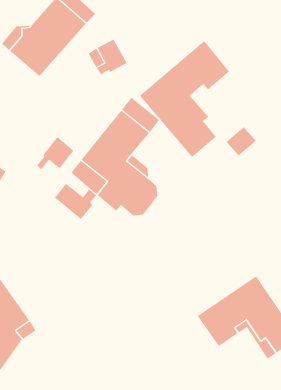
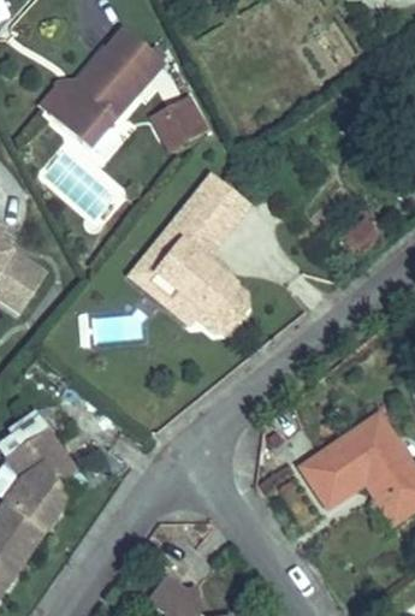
building: [139,40,230,158] -> none
building: [36,136,74,170] -> none
building: [54,183,97,220] -> none

